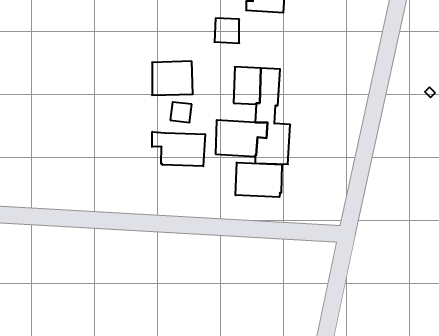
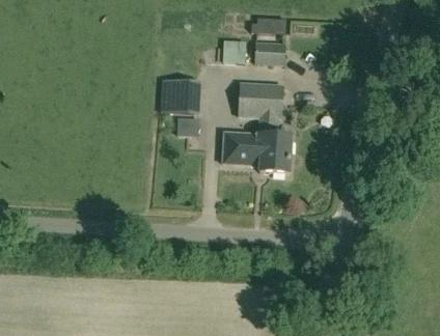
building: none -> [253,41,283,65]
building: [152,132,205,166] -> none
building: [236,162,282,197] -> none

